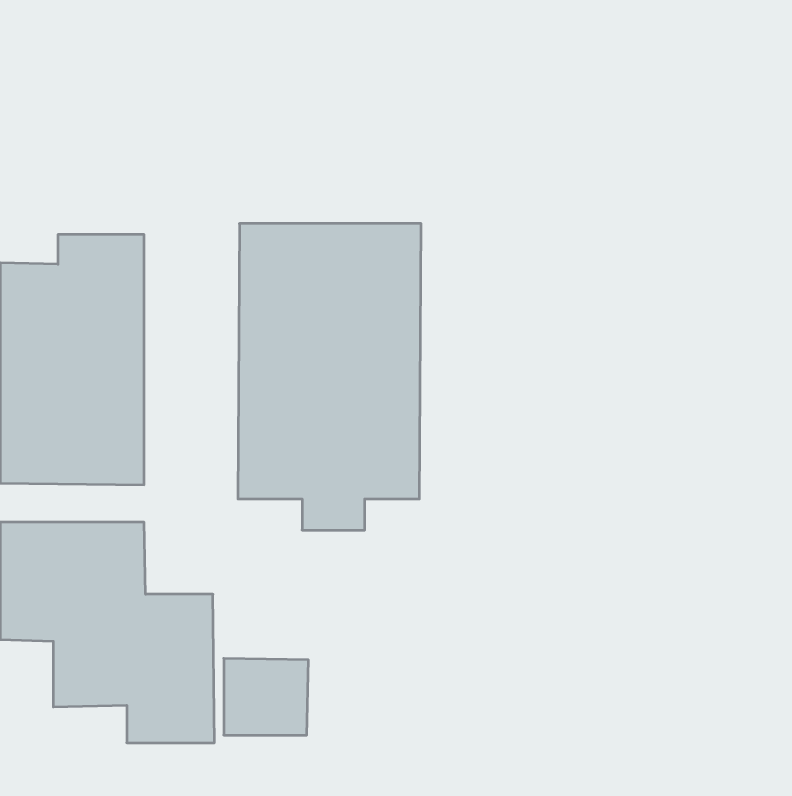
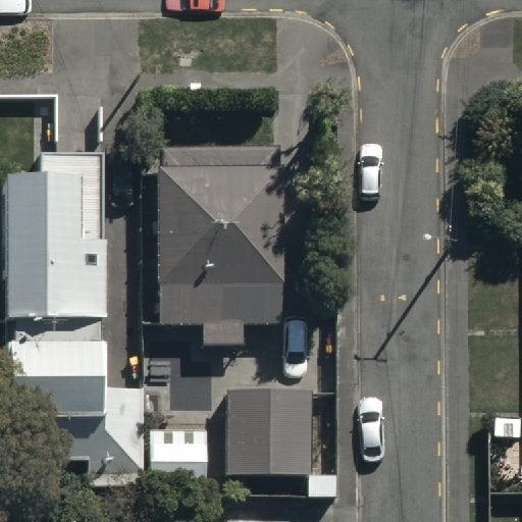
building: none -> [227,386,338,494]

